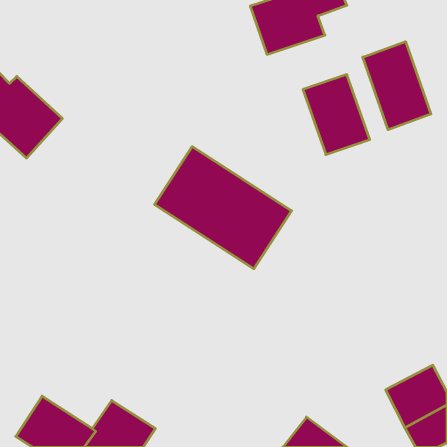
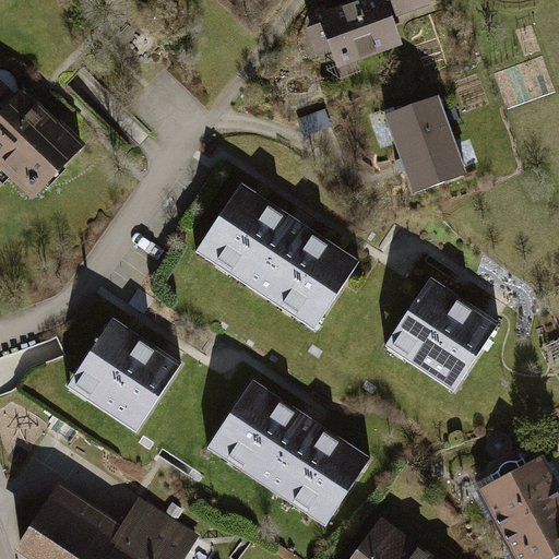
building: [363,42,431,130] -> none
building: none -> [384,276,501,393]
building: none -> [72,328,190,445]
building: none -> [204,379,372,527]

